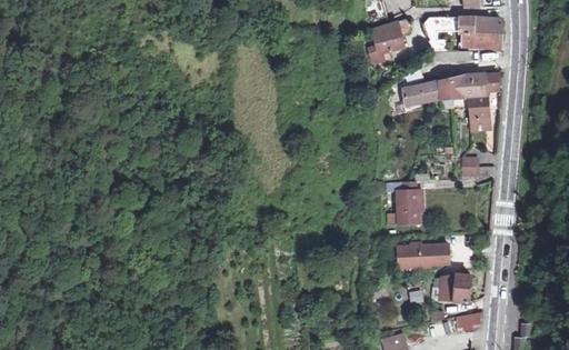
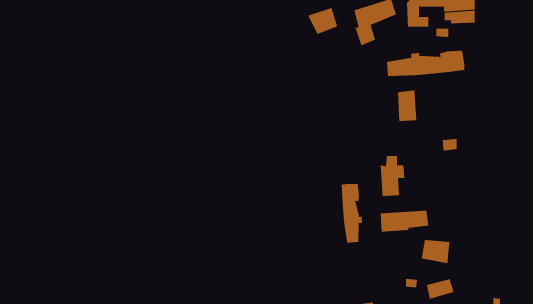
building: none -> [308,7,338,35]
building: [473,93,495,127] -> [397,90,417,122]
building: none -> [341,183,363,244]

